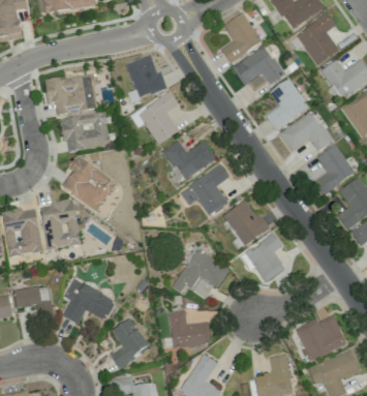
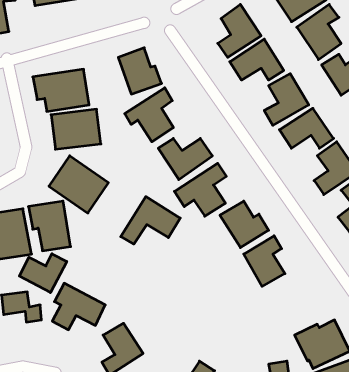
building: [173,248,230,294] -> [121,197,180,244]
building: none -> [19,254,67,293]
building: [170,309,211,347] -> none

